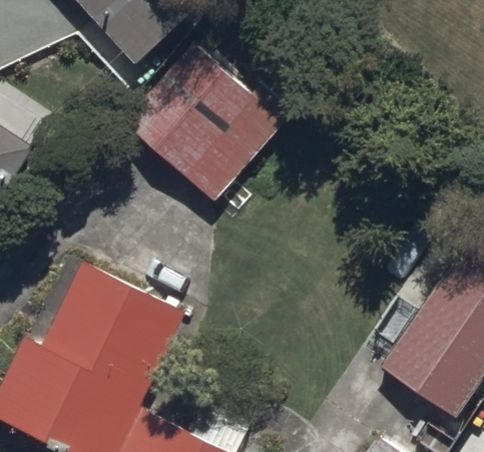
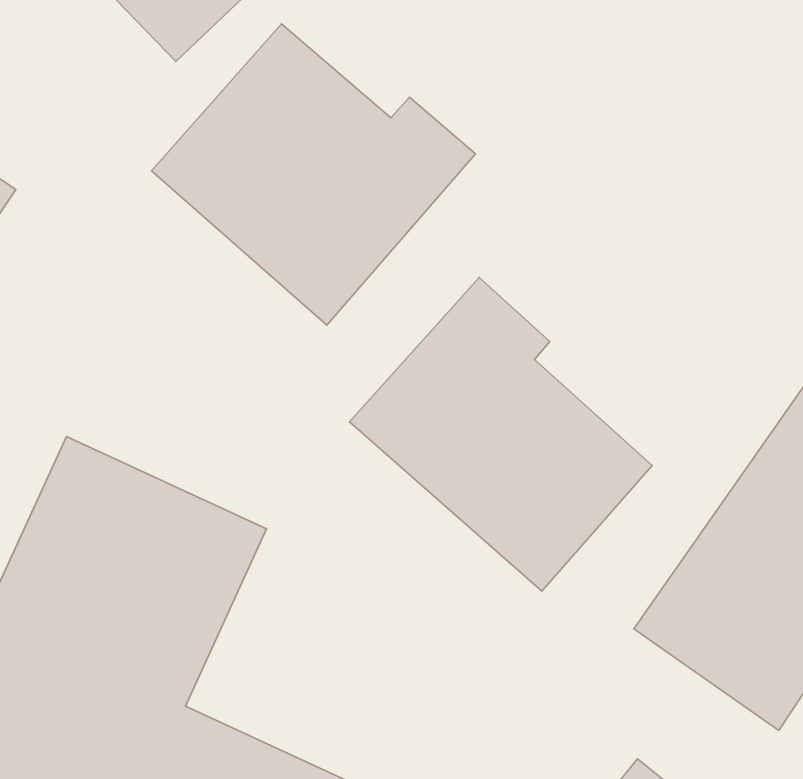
building: none -> [350,278,652,591]

